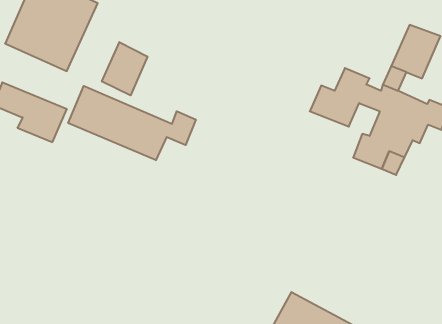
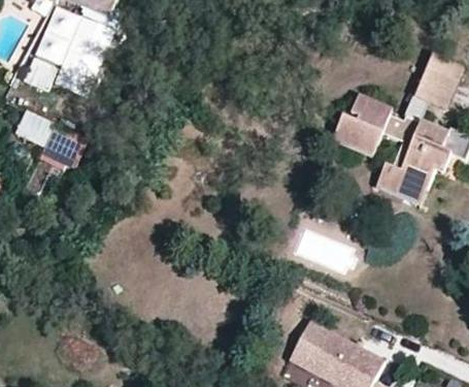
building: [102,42,147,95] -> none
building: [68,86,196,160] -> none

